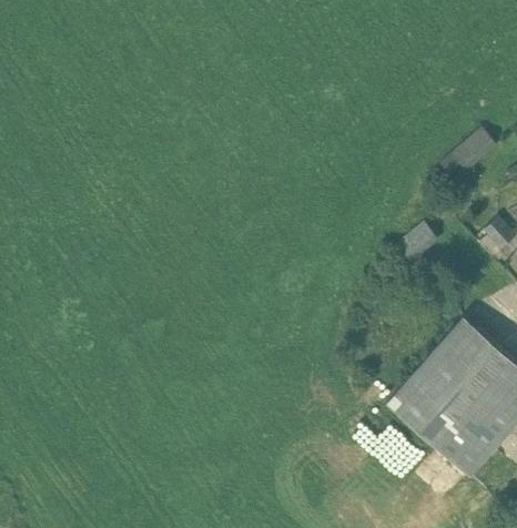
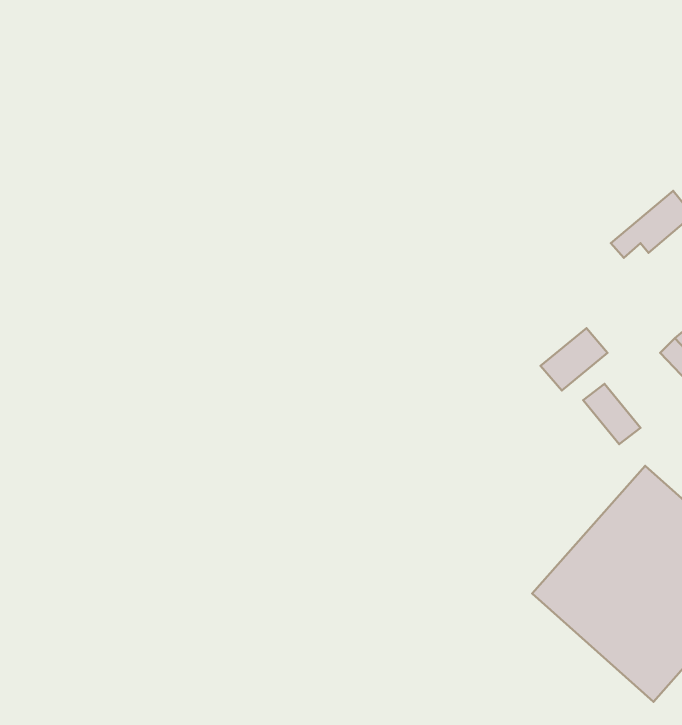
building: none -> [583,384,640,444]

